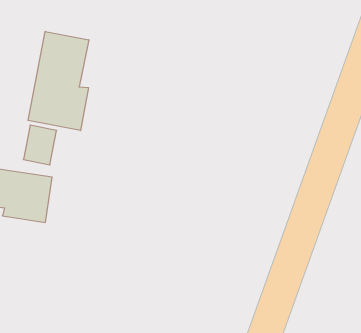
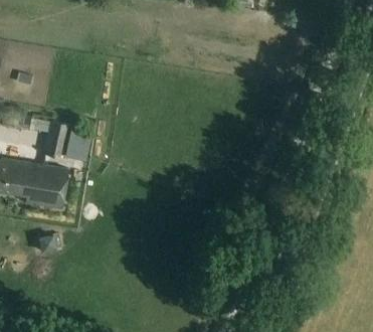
building: [28,31,89,131] -> none

